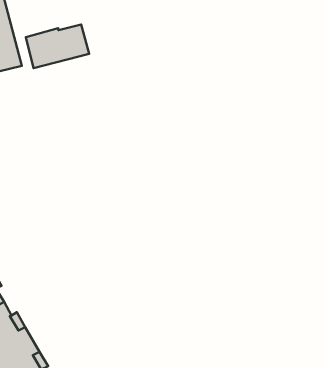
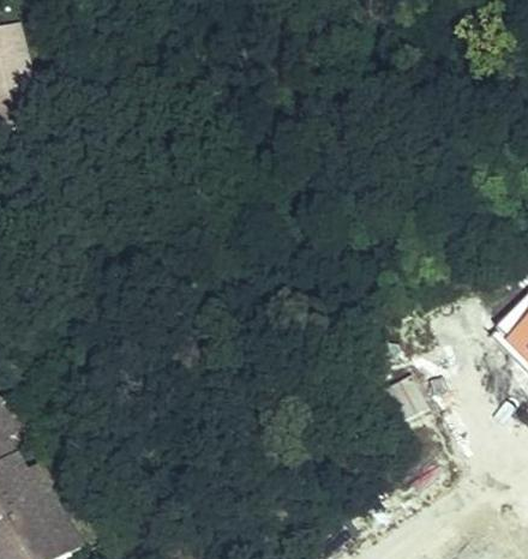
building: [26,25,89,68] -> none

